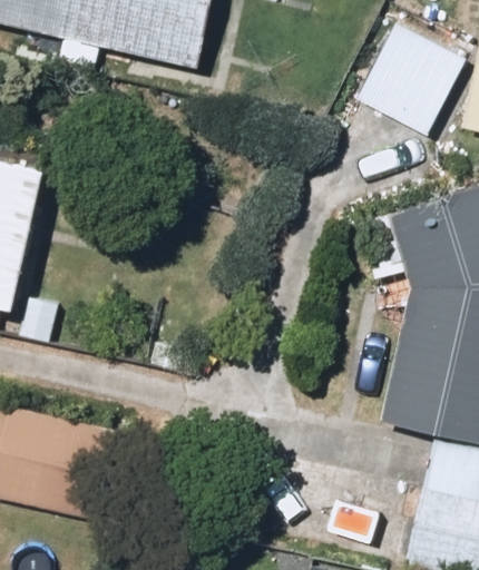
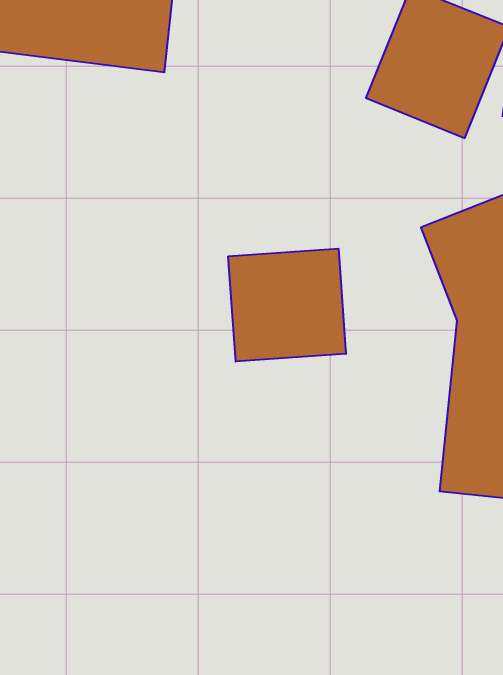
building: none -> [228,249,346,362]

